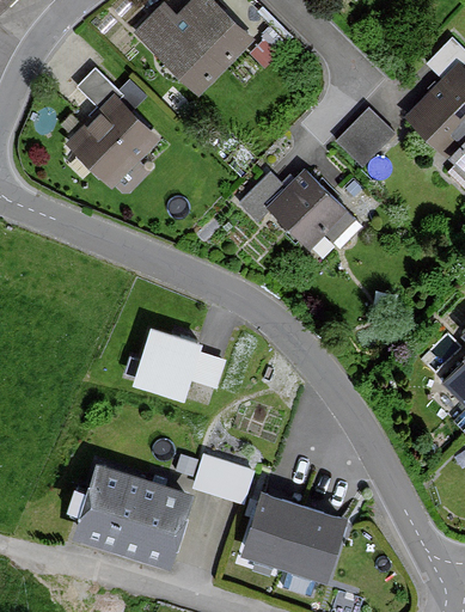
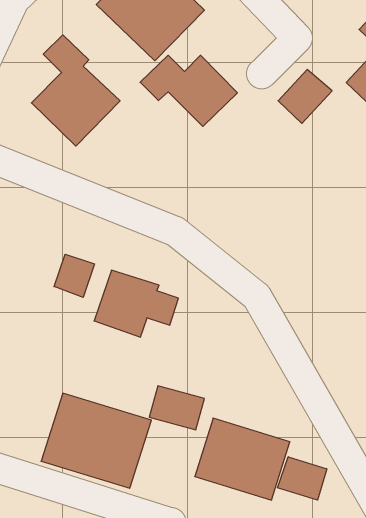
building: [238,171,345,250] -> [140,55,237,126]
building: none -> [54,254,94,297]
building: none -> [277,457,327,500]

